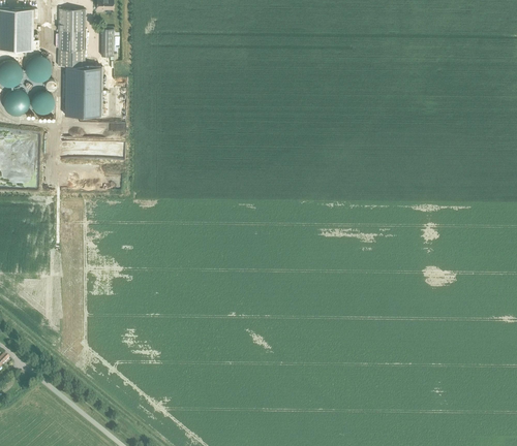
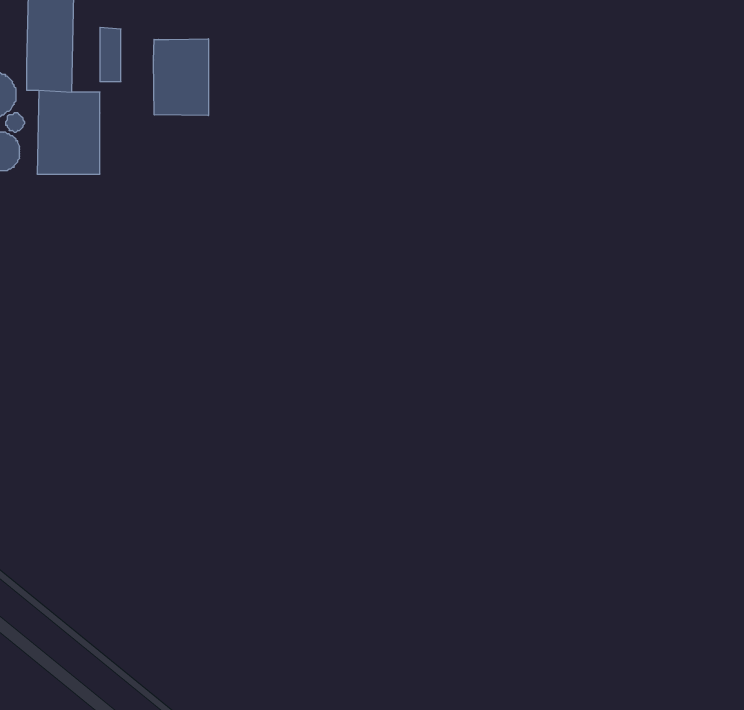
building: none -> [154,39,208,116]

